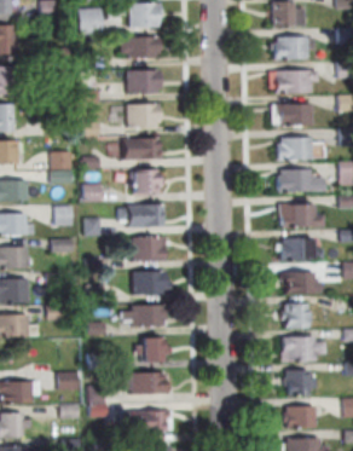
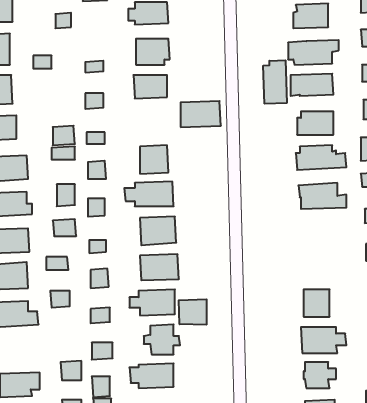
building: none -> [263,60,287,104]
building: [123,137,161,161] -> [181,101,221,127]
building: [280,239,323,262] -> none
building: [280,273,322,297] -> none
building: none -> [179,299,207,325]

